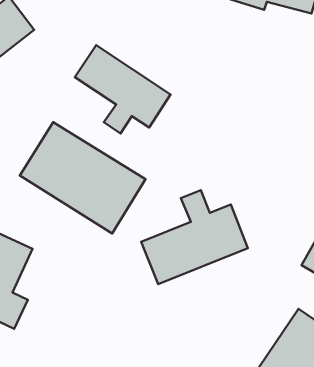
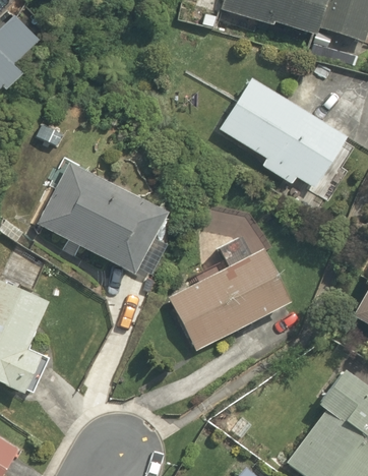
building: [75,45,171,133] -> none
building: none -> [221,78,349,192]

